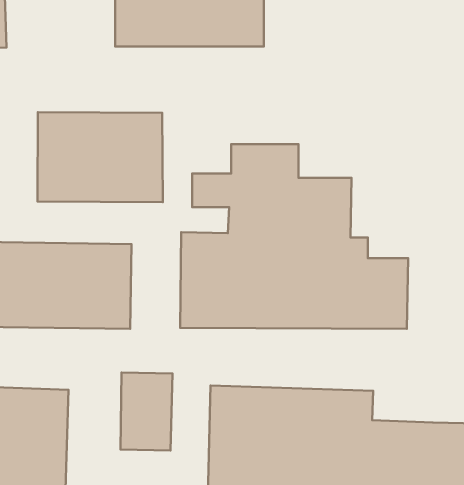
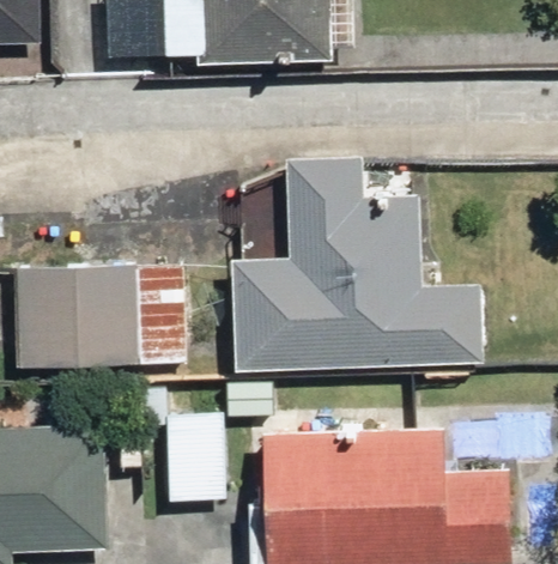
building: [37,112,163,202] -> none

